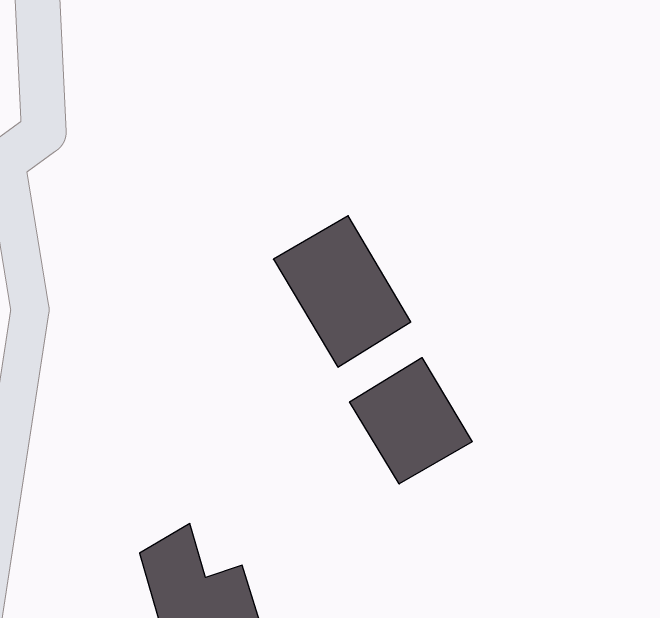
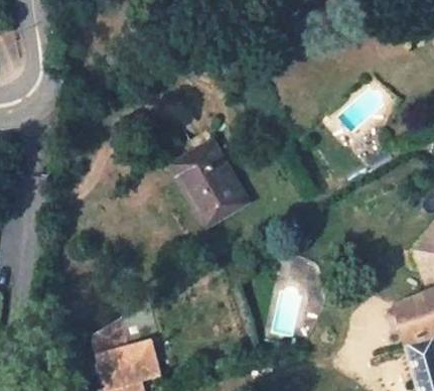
building: [350,358,472,484] -> none

